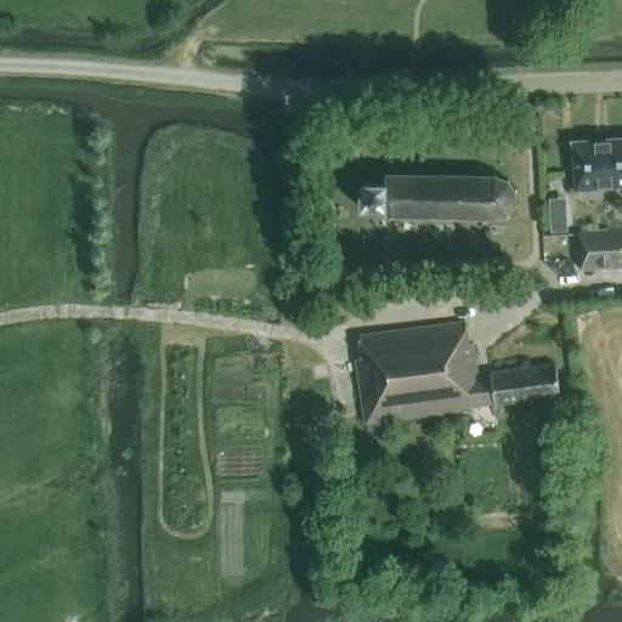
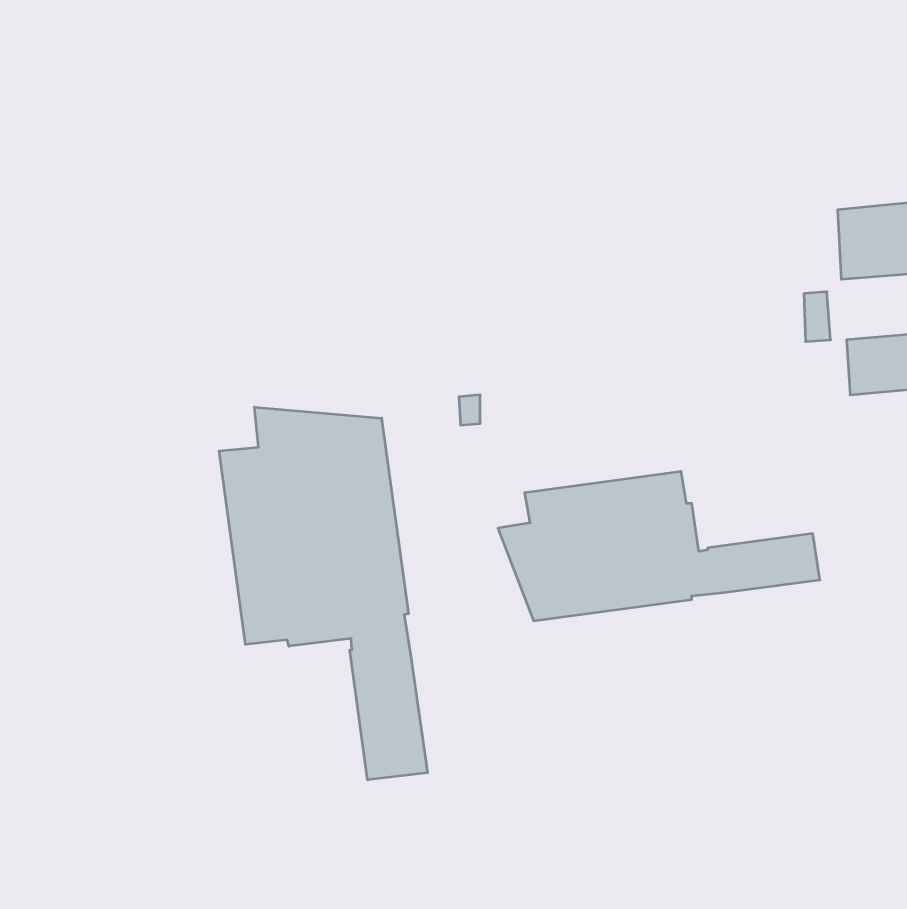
building: [363,175,519,220] -> none
building: none -> [219,407,427,780]

